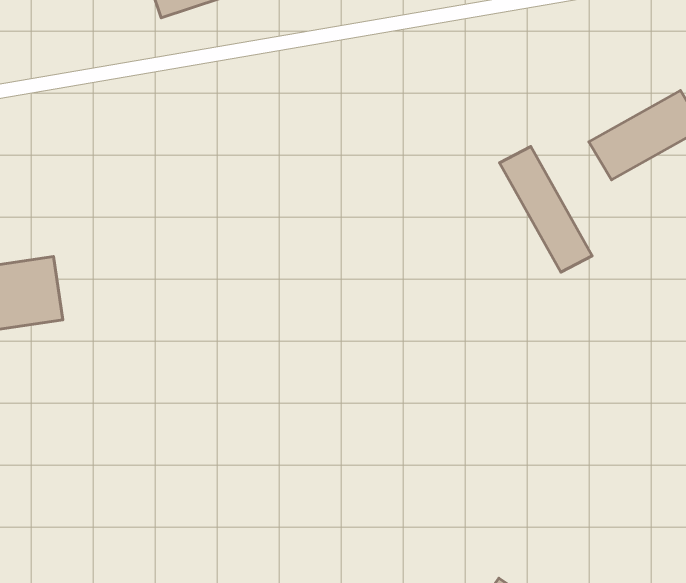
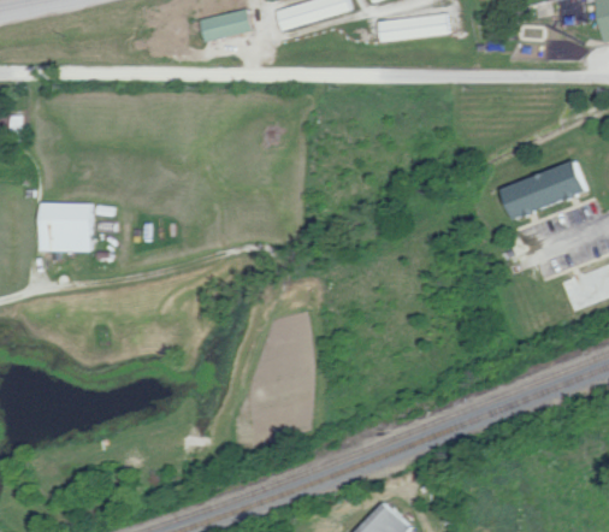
building: [499,147,592,272] -> none

